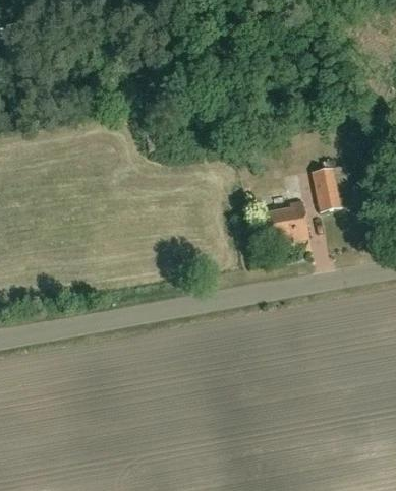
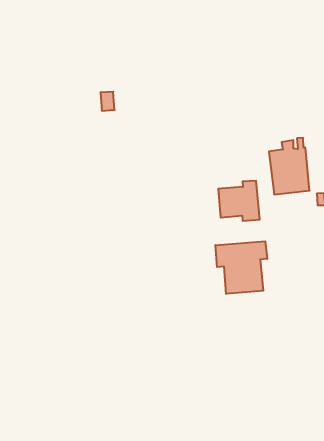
building: none -> [215,241,267,294]

